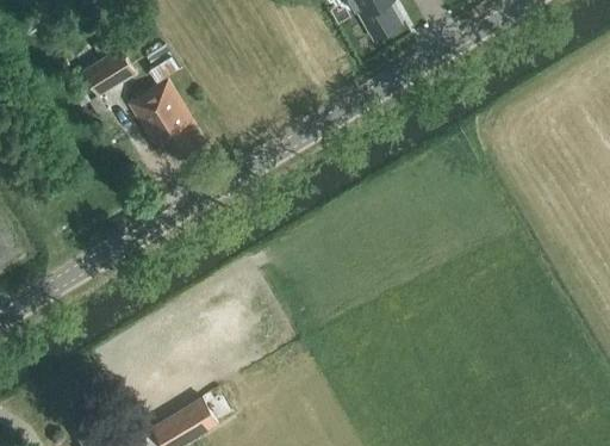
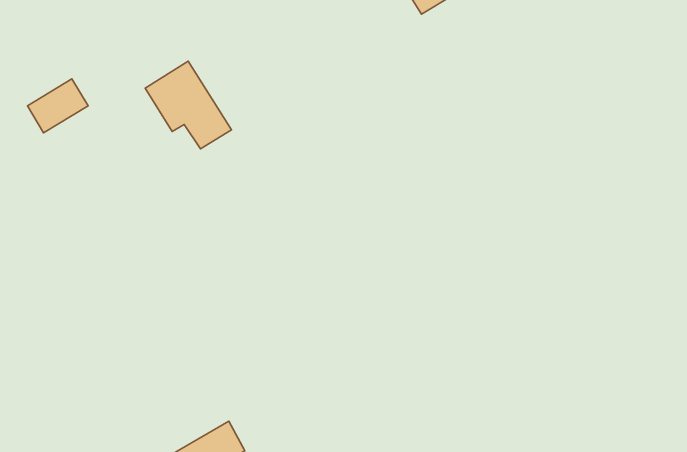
building: [81,48,135,95] -> [27,79,88,133]

